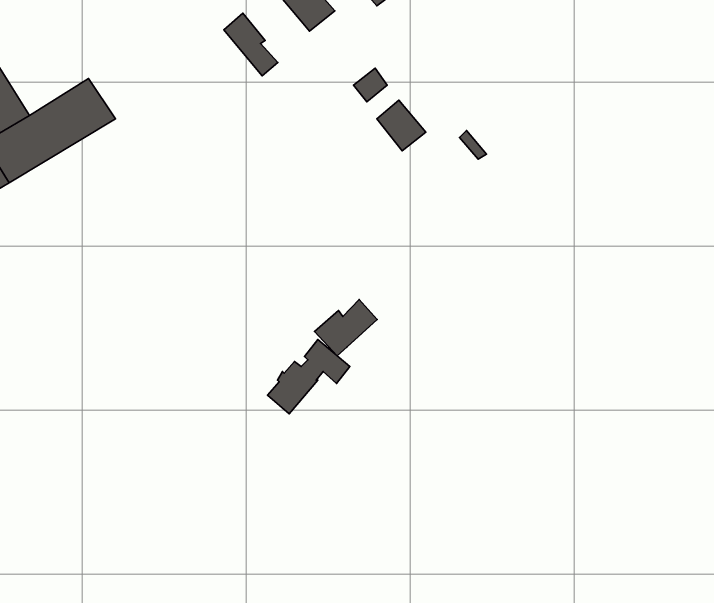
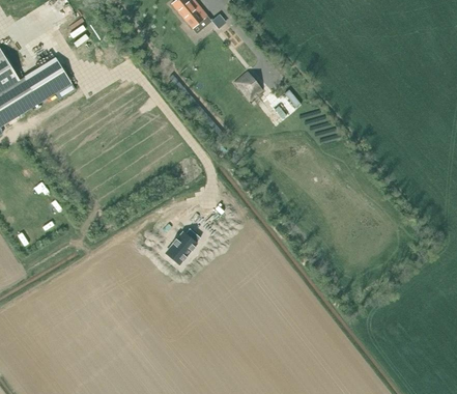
building: [224,13,278,76] -> none
building: [314,300,377,356] -> none

